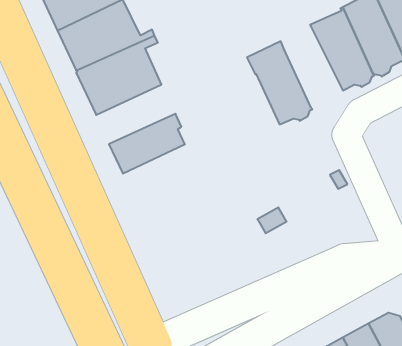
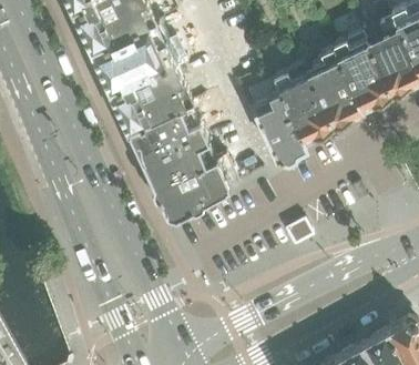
building: none -> [305,48,360,126]
building: none -> [249,92,304,160]
building: none -> [126,102,202,159]
building: none -> [152,152,236,216]

